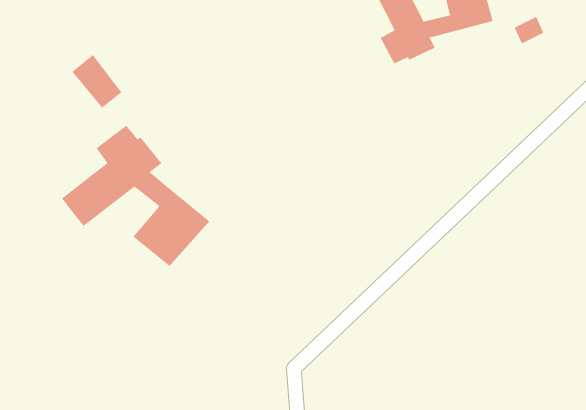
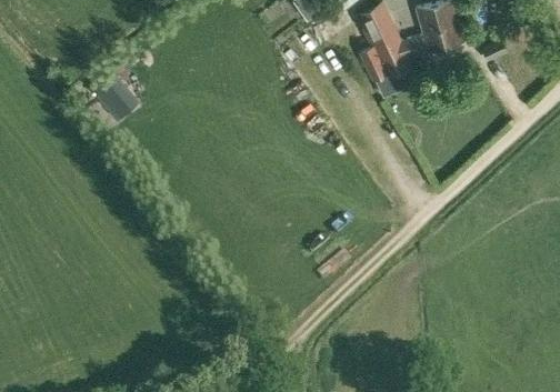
building: [61,125,210,267] -> none

